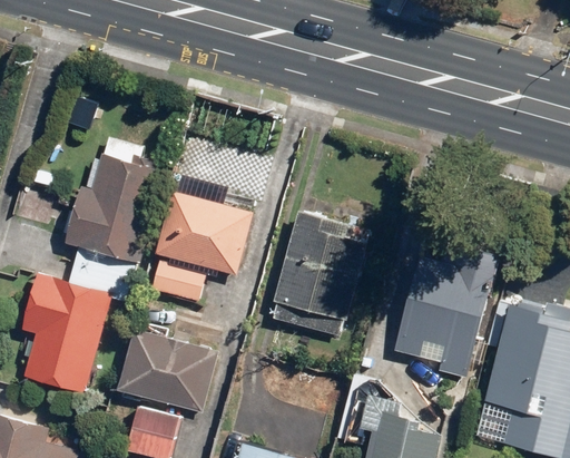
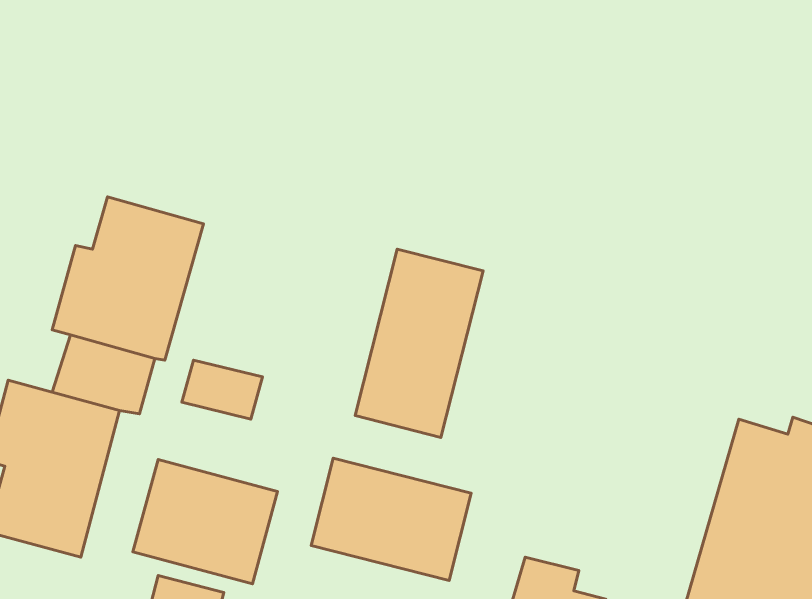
building: [156,193,252,275] -> none
building: [411,247,495,371] -> none
building: none -> [311,458,471,580]

